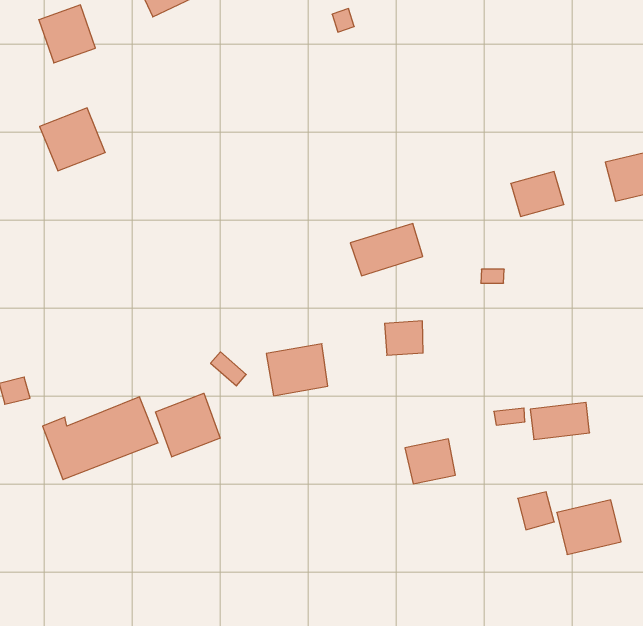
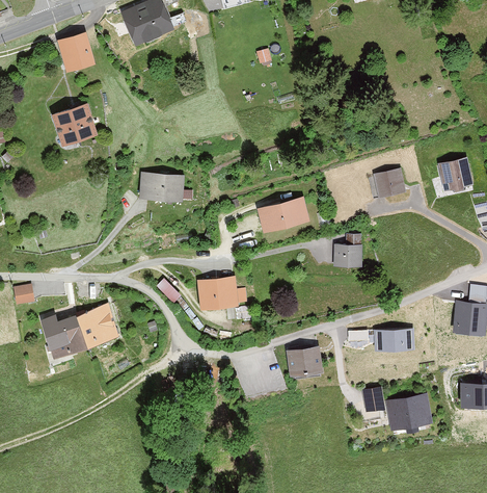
building: none -> [139,172,184,200]
building: [385,321,423,355] -> [334,245,360,267]
building: [156,393,220,457] -> none

